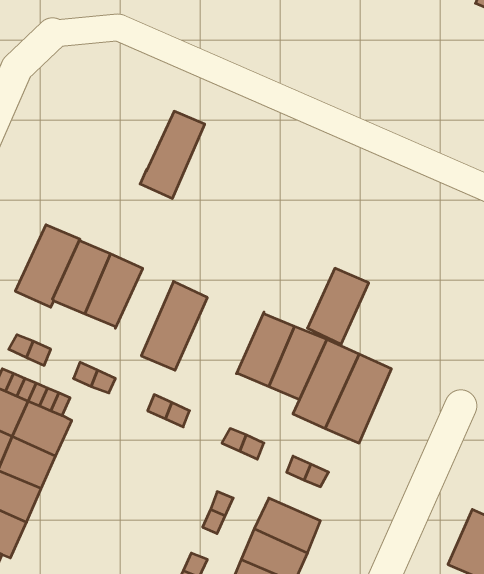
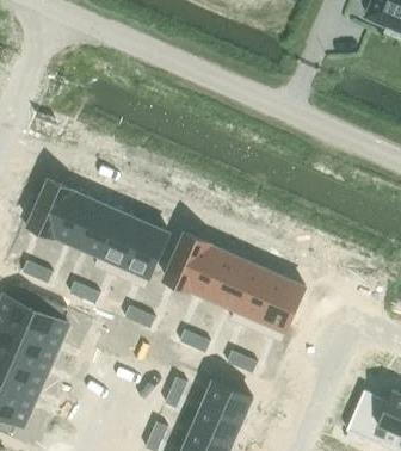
building: [140,111,205,198] -> [94,212,142,277]
building: [307,268,369,344] -> [164,234,209,290]

